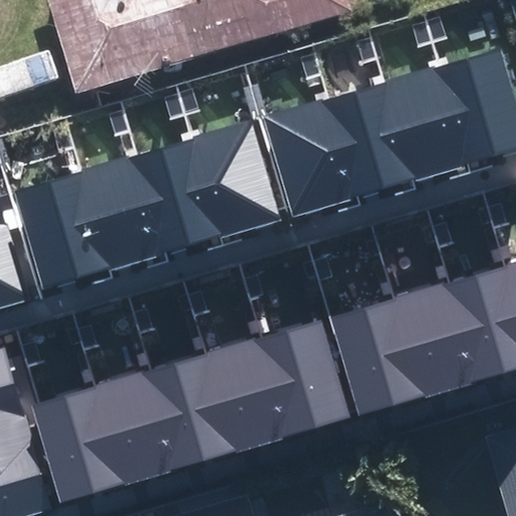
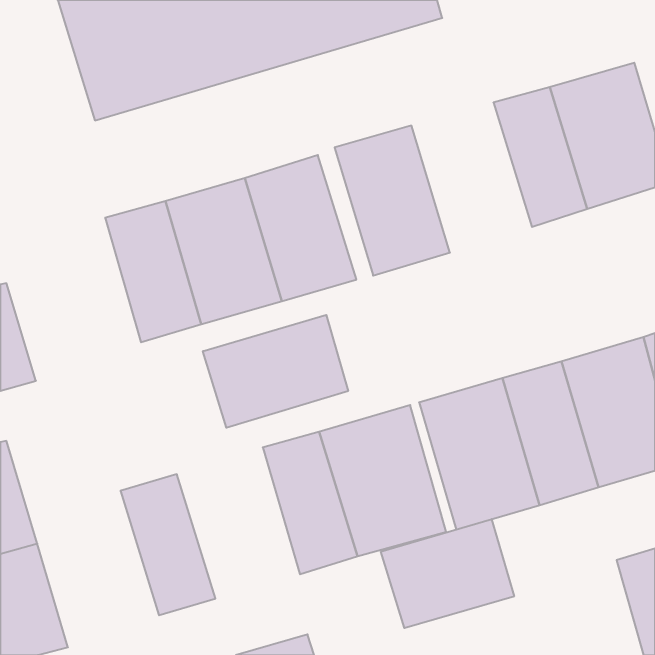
building: [324,81,418,199] -> none
building: [15,171,111,288] -> none
building: none -> [203,315,348,428]
building: [139,352,236,471] -> none
building: [31,386,125,503] -> none
building: none -> [381,519,514,628]

